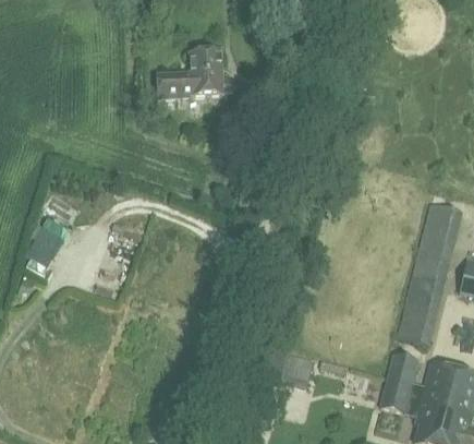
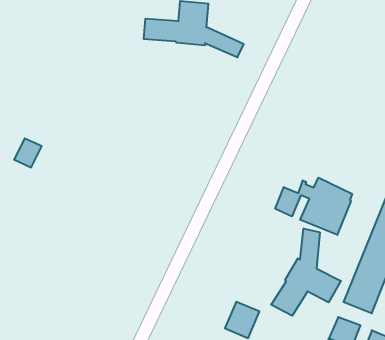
building: none -> [275,178,352,235]
building: none -> [271,229,341,316]

